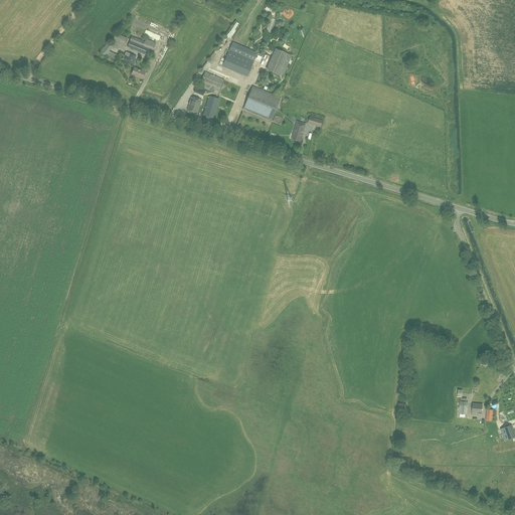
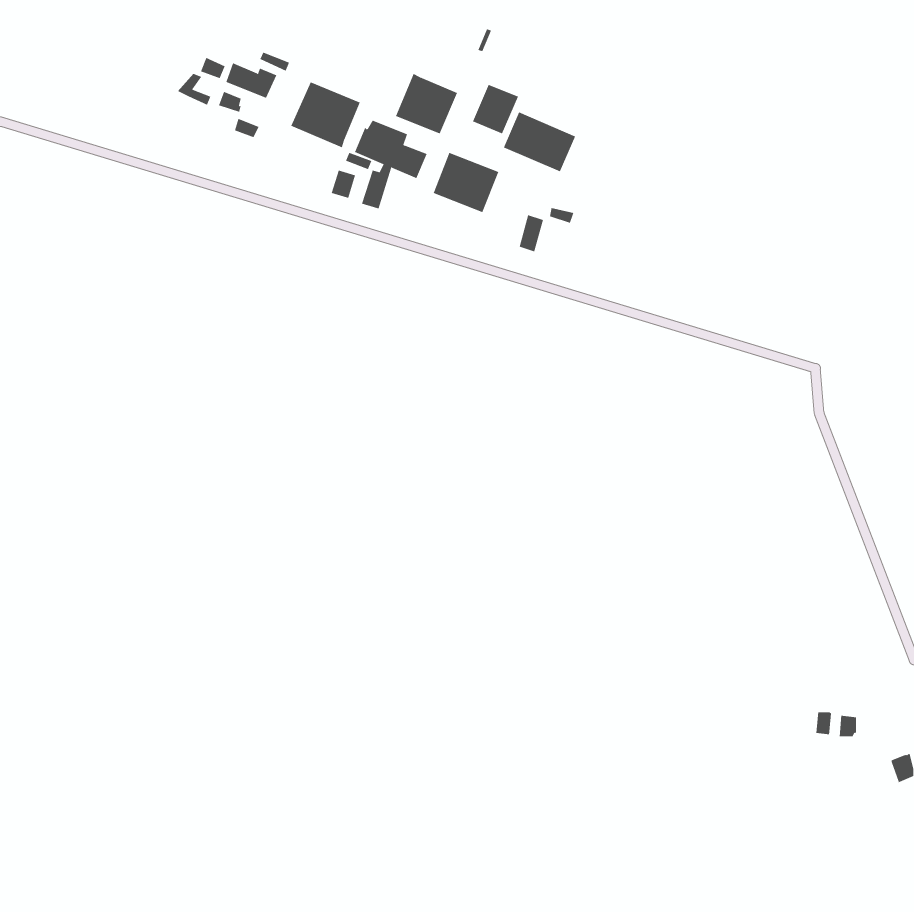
building: none -> [290,81,361,148]
building: none -> [503,112,576,172]

